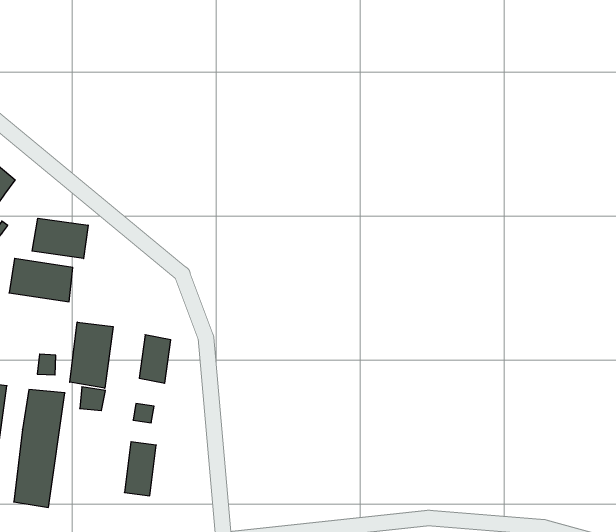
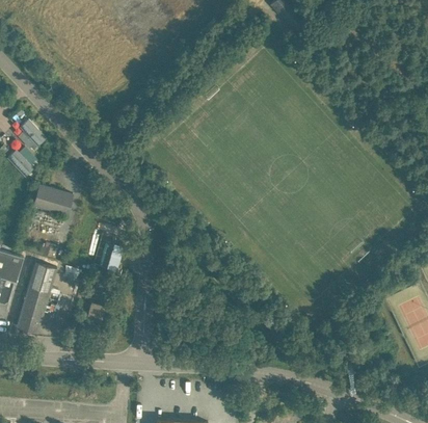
building: [32,218,88,259] -> none
building: [70,322,113,388] -> none

